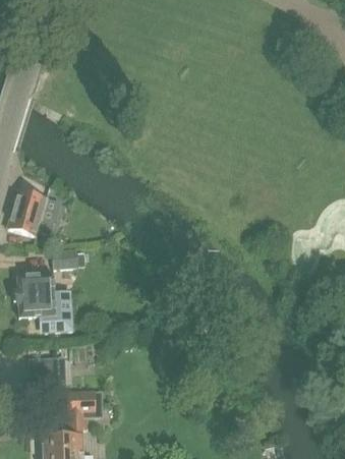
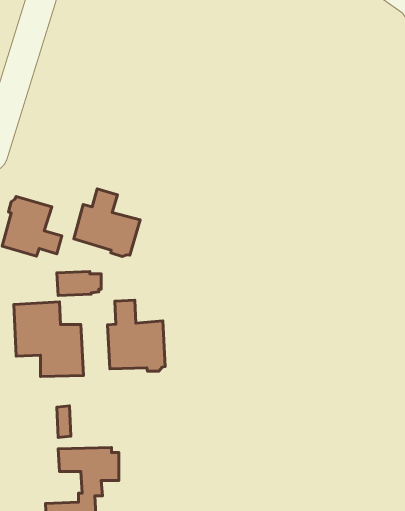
building: none -> [74,189,140,257]
building: none -> [107,300,165,371]

